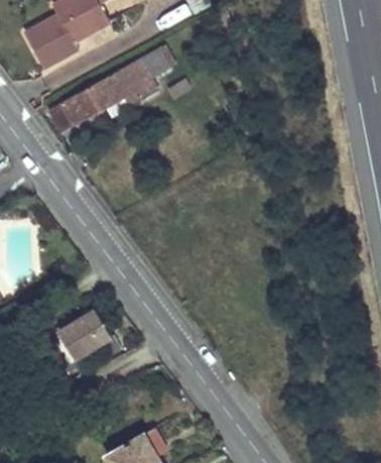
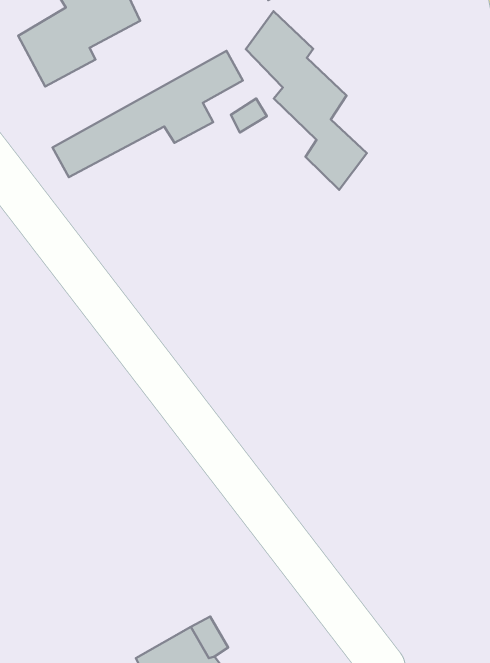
building: none -> [246,11,367,190]
building: [55,308,108,357] -> none

